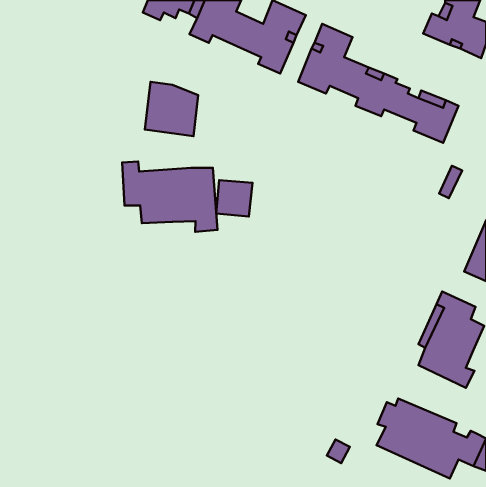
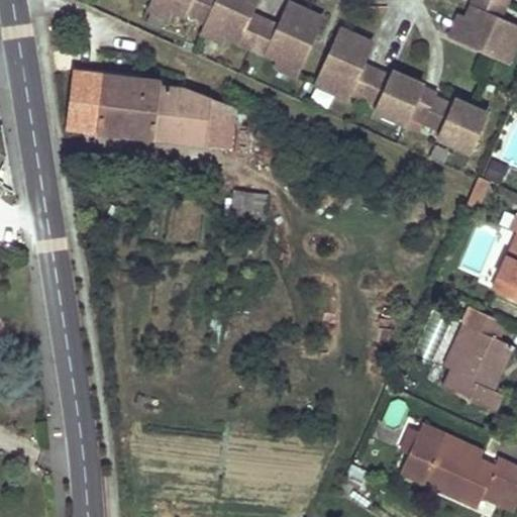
building: none -> [66,72,160,137]
building: none -> [205,101,233,147]
building: [122,161,218,232] -> none

